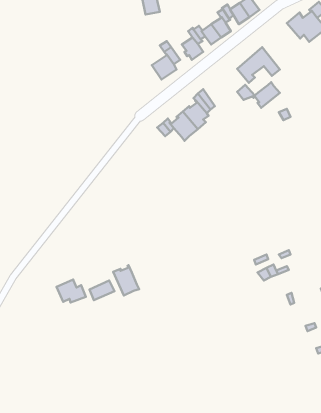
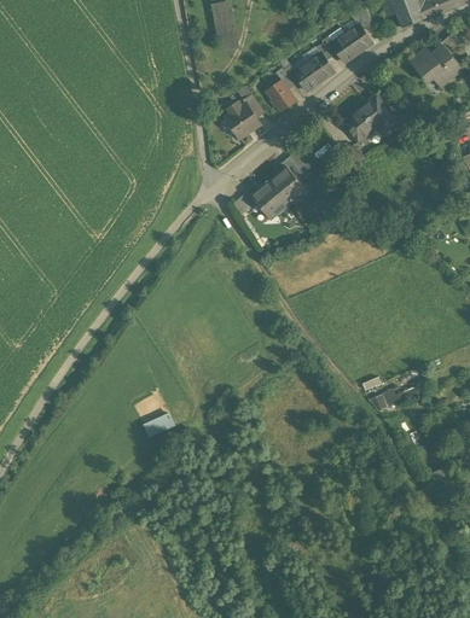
building: [253,82,280,108] -> none
building: [113,265,139,296] -> none
building: [56,279,86,302] -> none

